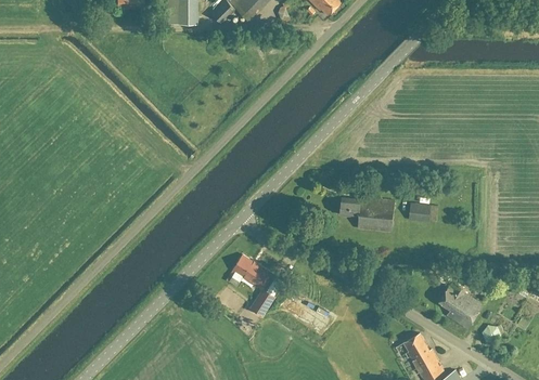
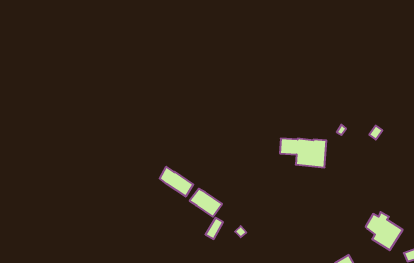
building: [408,204,437,223] -> none
building: none -> [160,167,193,197]

